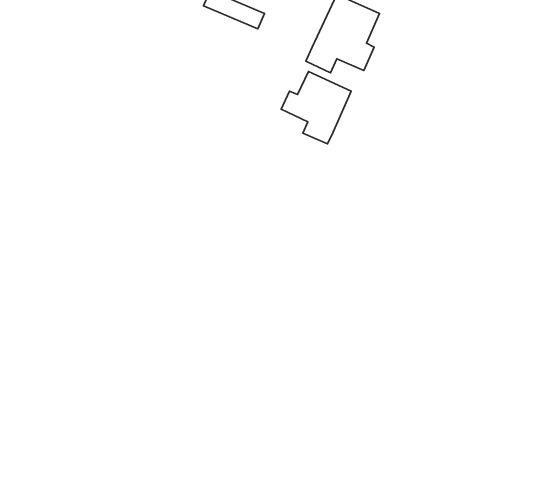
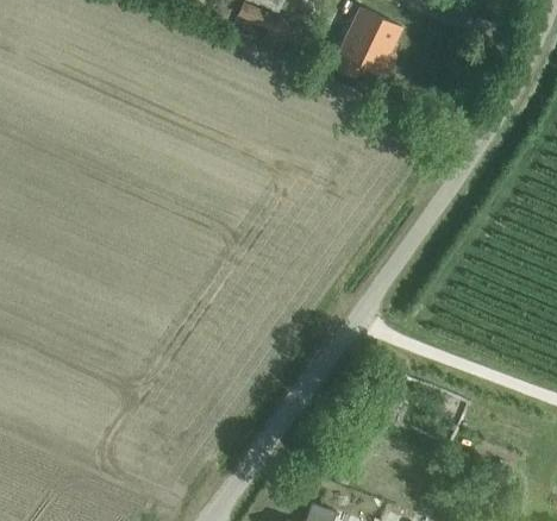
building: [281,72,351,144] -> none

